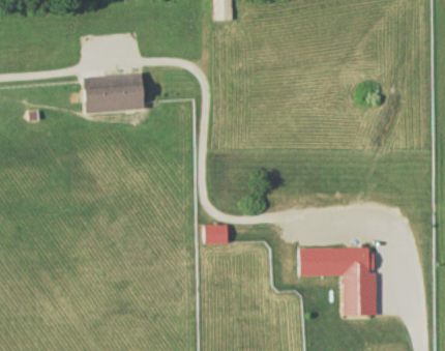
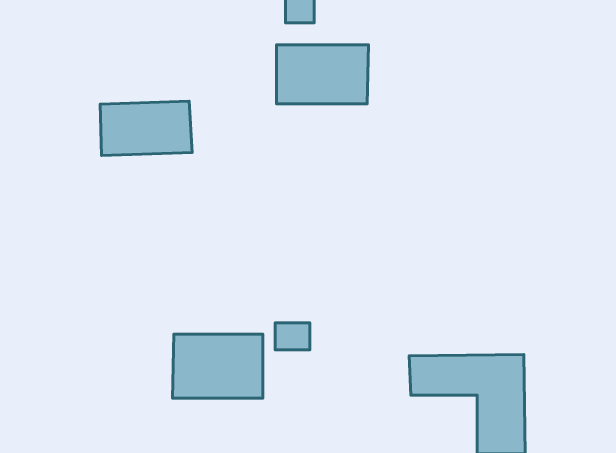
building: none -> [276,45,368,104]
building: none -> [172,334,263,398]

